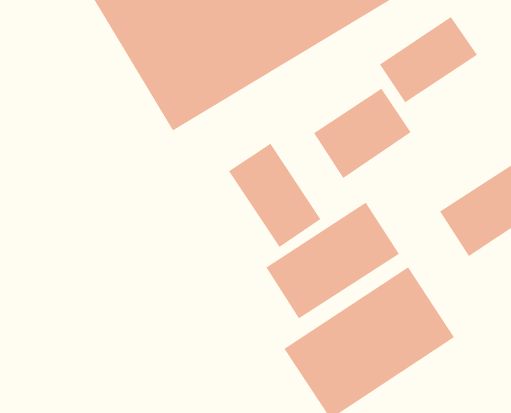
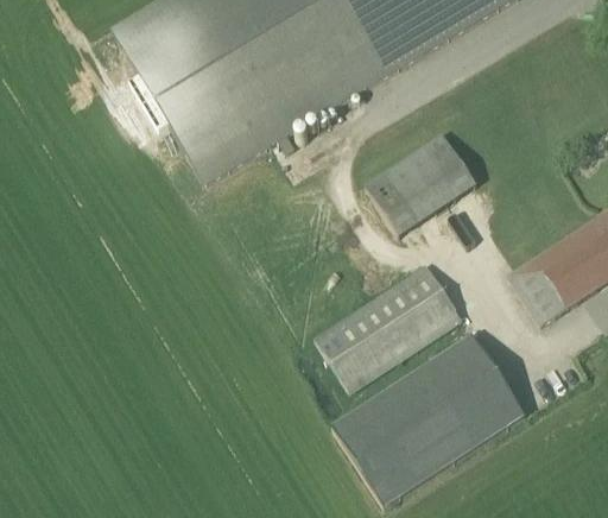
building: [379,16,478,103] -> none
building: [228,143,321,248] -> none

